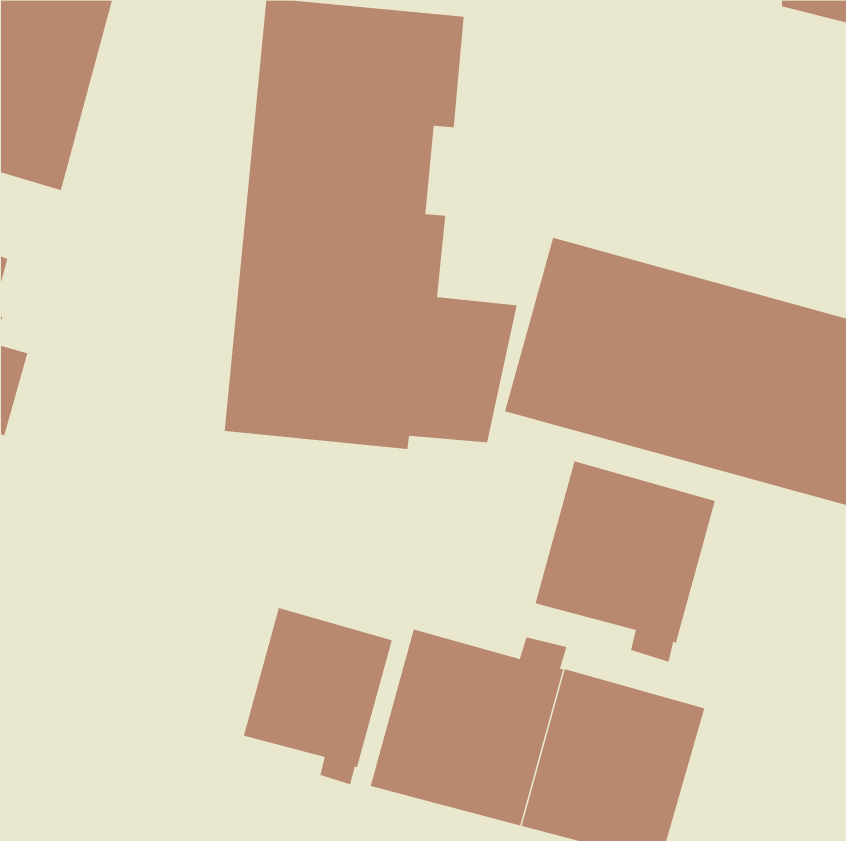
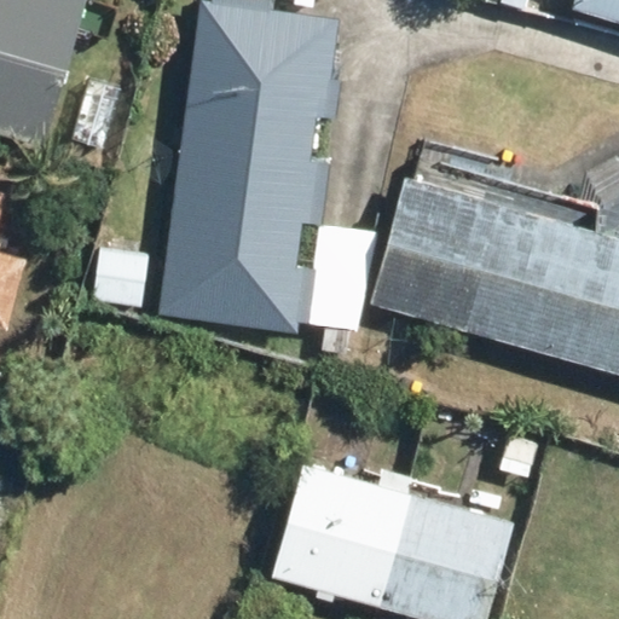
building: [535,460,716,662] -> none
building: [243,607,392,785] -> none

